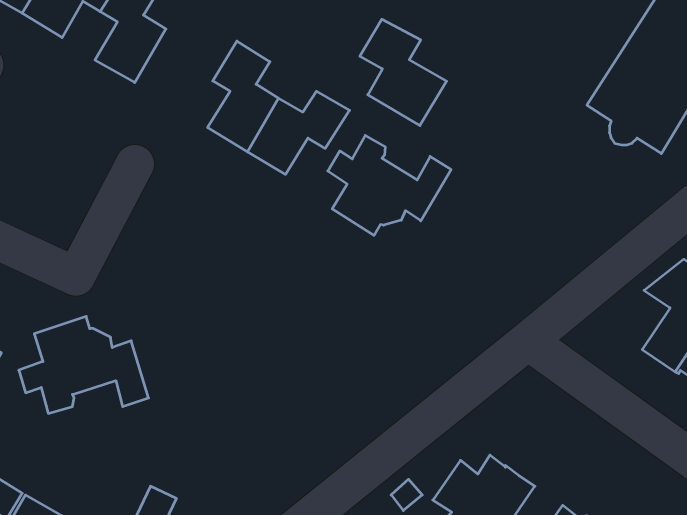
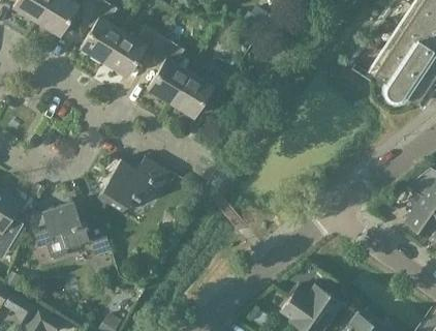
building: [360,19,447,126] -> none
building: none -> [102,27,163,78]
building: [328,135,451,235] -> none
building: none -> [99,157,169,209]

